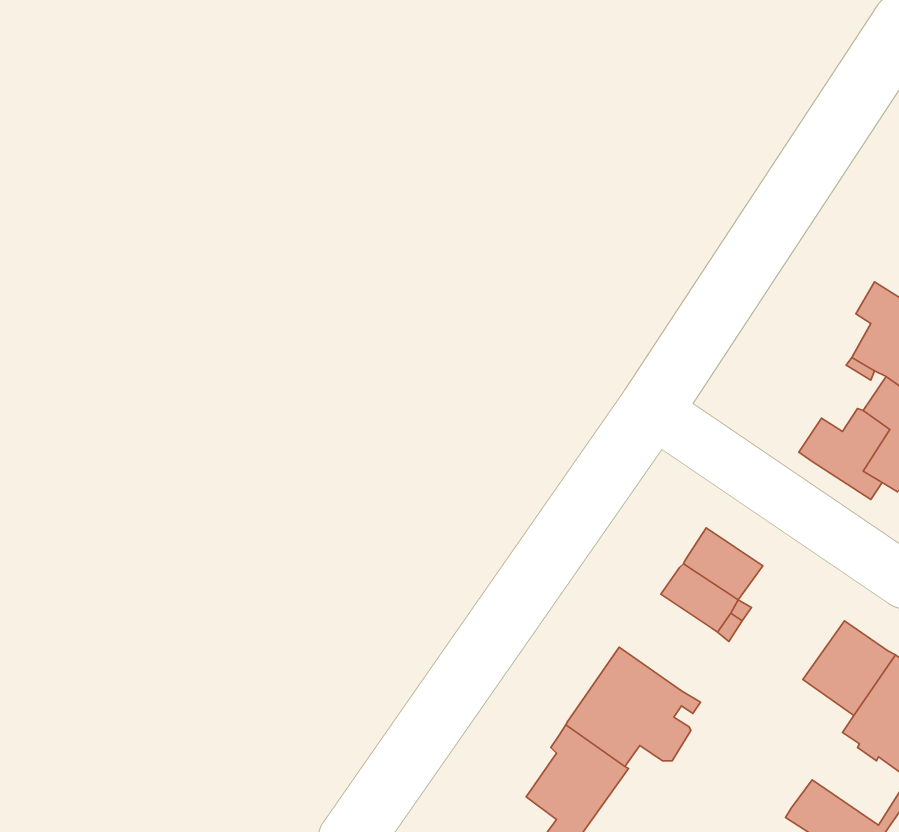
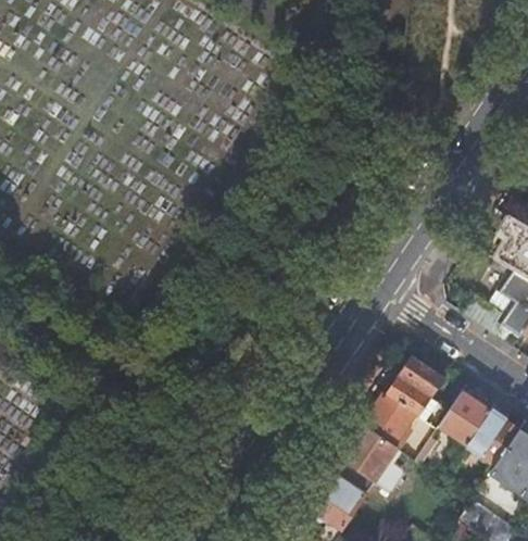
building: none -> [440,389,492,443]
building: none -> [363,392,416,449]

